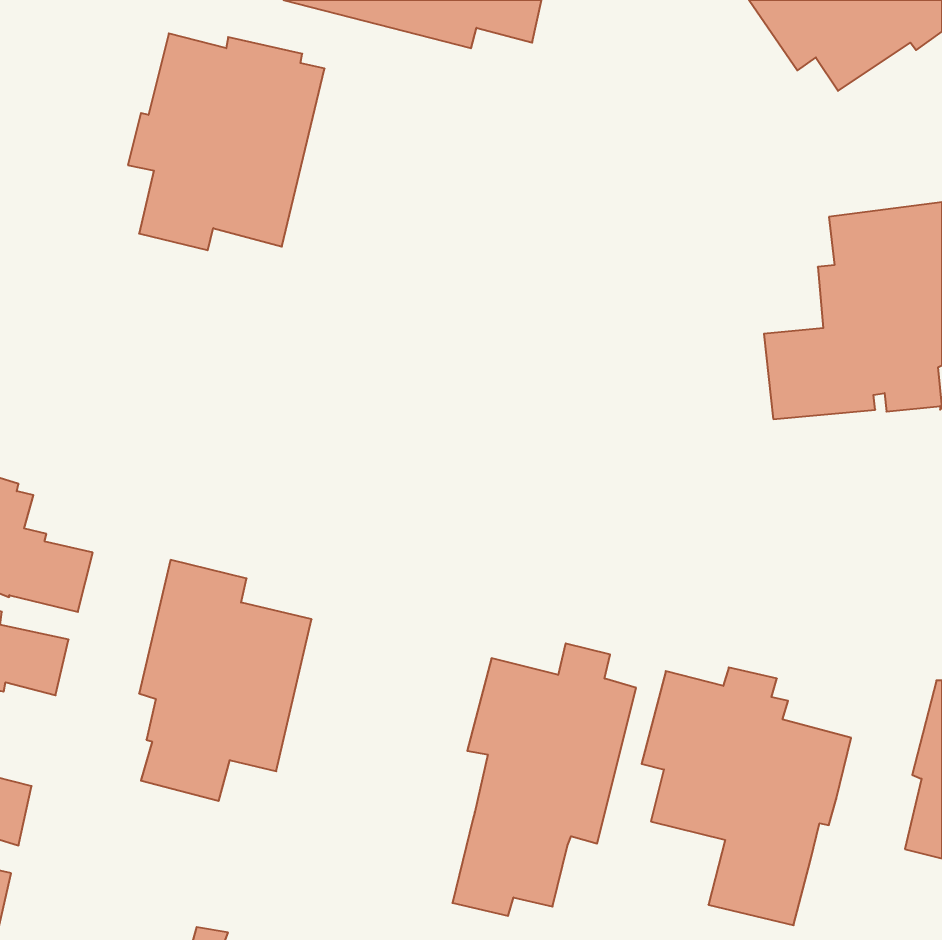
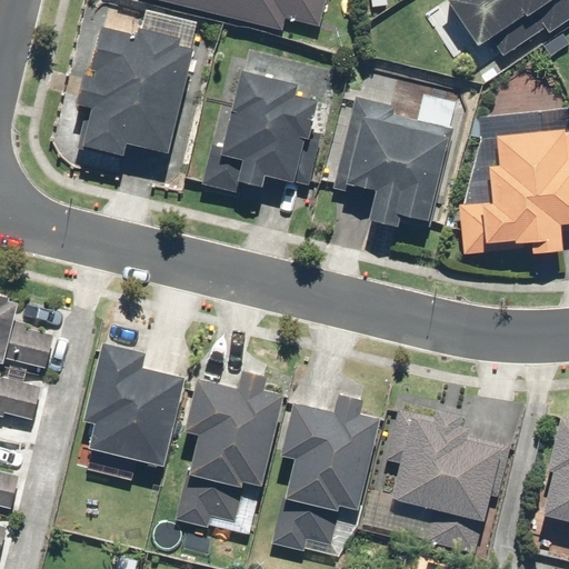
building: none -> [201,68,321,194]
building: none -> [333,94,456,226]
building: none -> [174,367,286,530]

